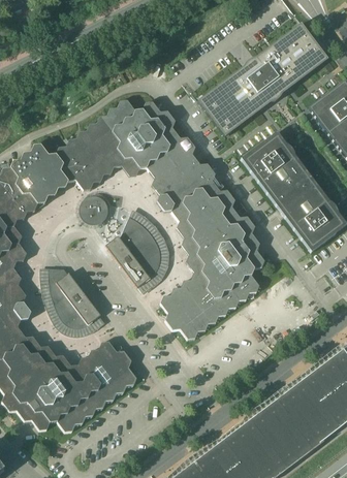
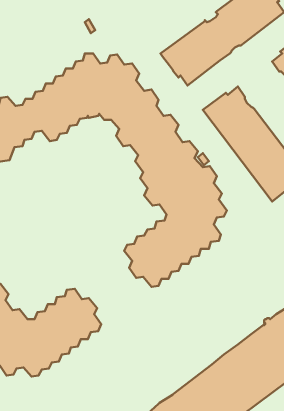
building: [78,195,108,225] -> none
building: [105,211,166,292] -> none
building: [42,267,103,333] -> none

